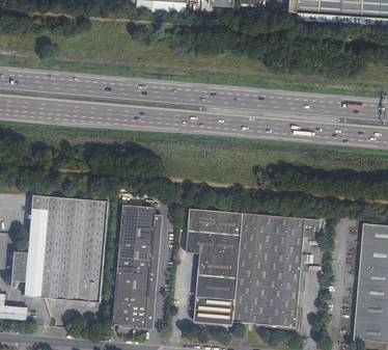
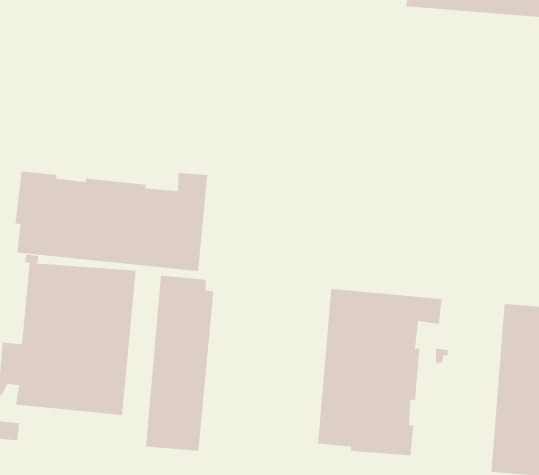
building: none -> [15,171,208,272]
building: [185,209,242,325] -> none

